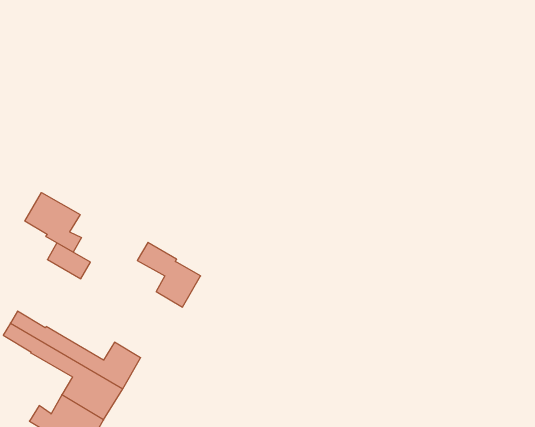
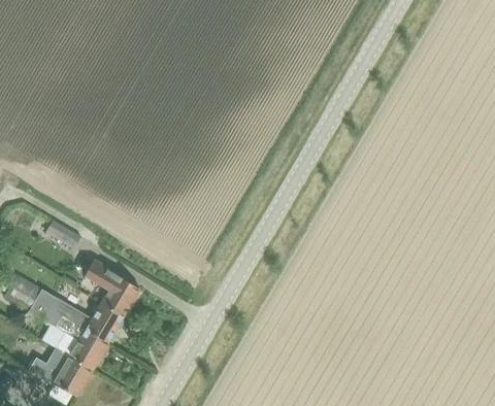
building: [25,193,81,252] -> none
building: [137,242,201,307] -> [84,260,138,315]

